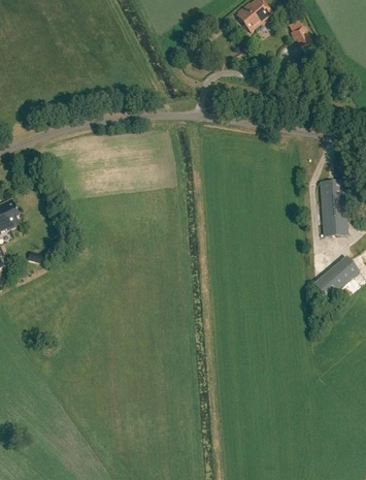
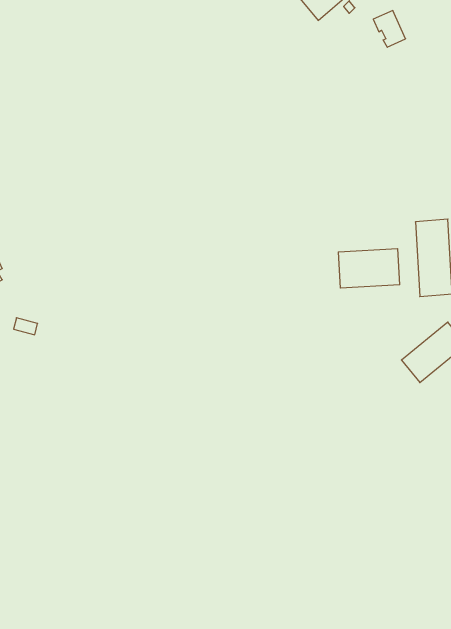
building: none -> [338,249,400,288]

